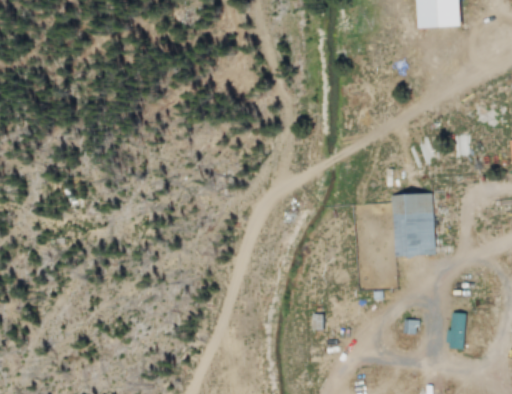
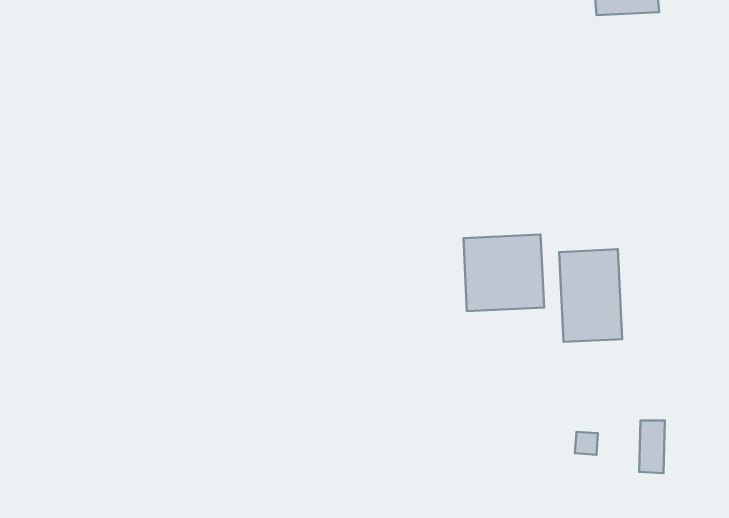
building: none -> [464,234,544,311]

